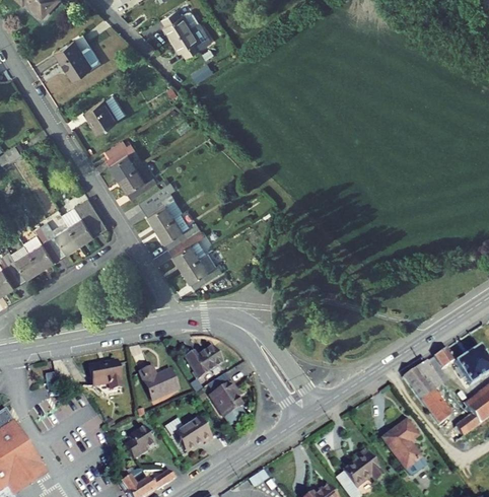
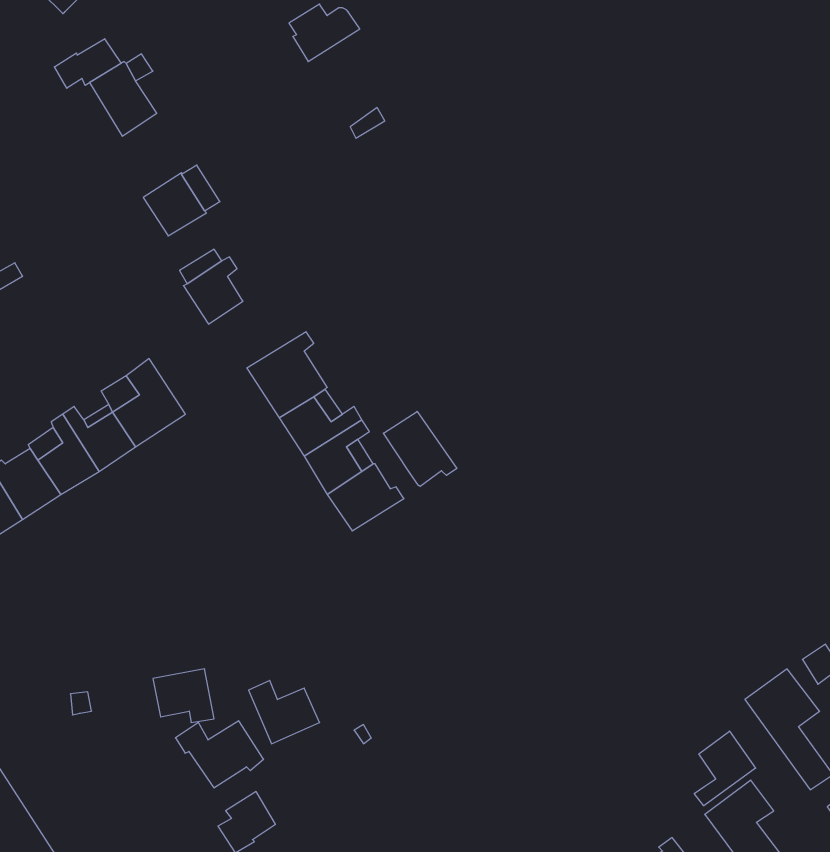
building: [171,21,211,57] -> none
building: none -> [54,39,121,88]
building: [119,162,156,198] -> none
building: none -> [383,411,457,486]
building: [185,347,222,378] -> none
building: [207,373,244,426] -> none
building: none -> [694,731,756,806]
building: [165,418,212,453] -> [175,721,264,788]

